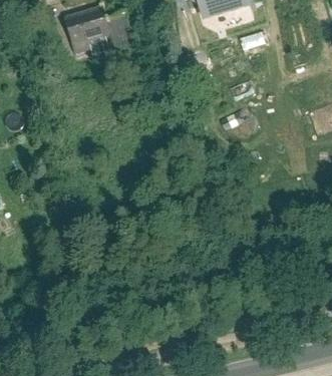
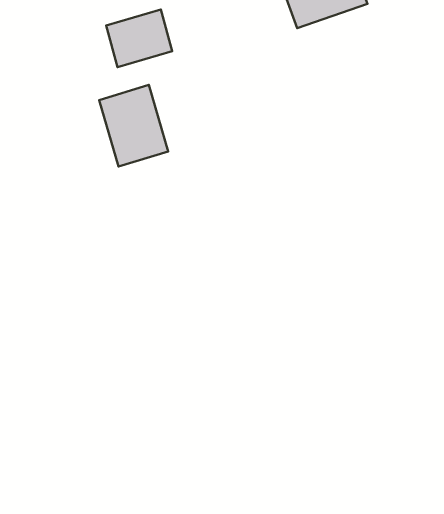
building: none -> [99,85,168,167]

